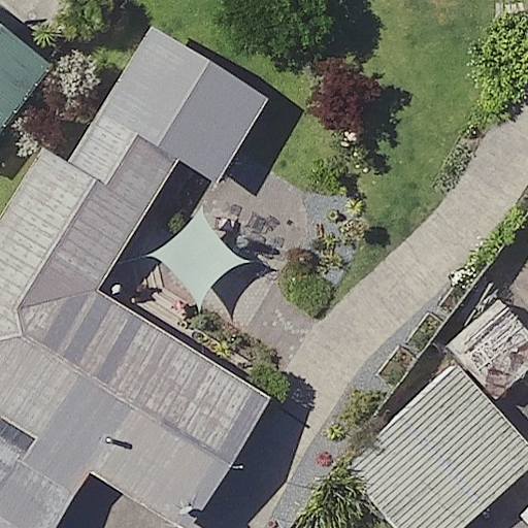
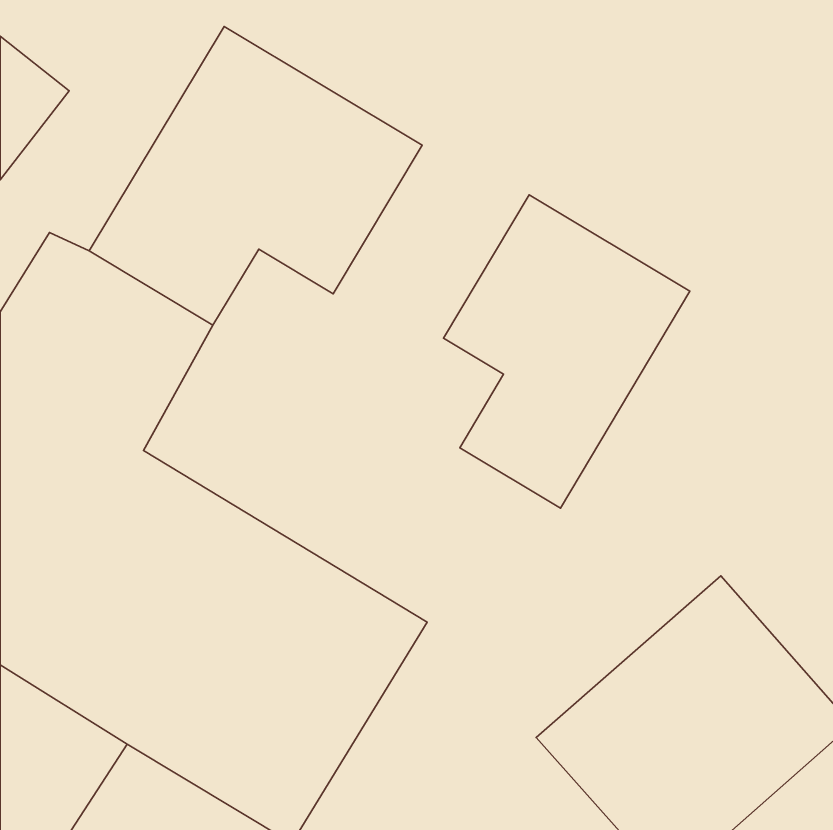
building: none -> [443,195,690,508]

